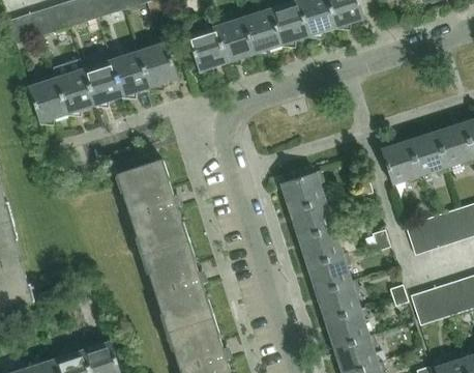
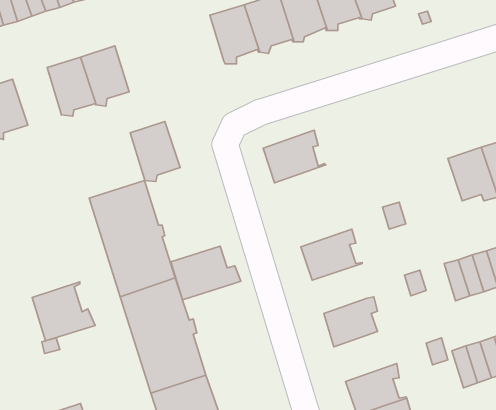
building: [187,25,226,74] -> none
building: [138,40,178,89] -> [130,121,180,182]
building: [52,59,94,116] -> none
building: [379,141,420,184] -> none
building: [278,170,329,212] -> [263,130,326,183]
building: none -> [171,246,241,300]
building: [297,226,342,266] -> none
building: none -> [32,282,95,341]
building: [315,280,365,321] -> none

